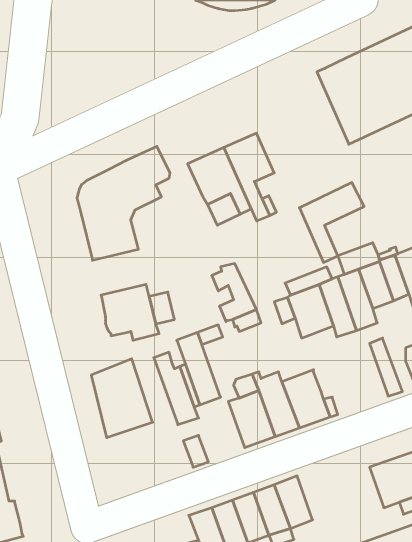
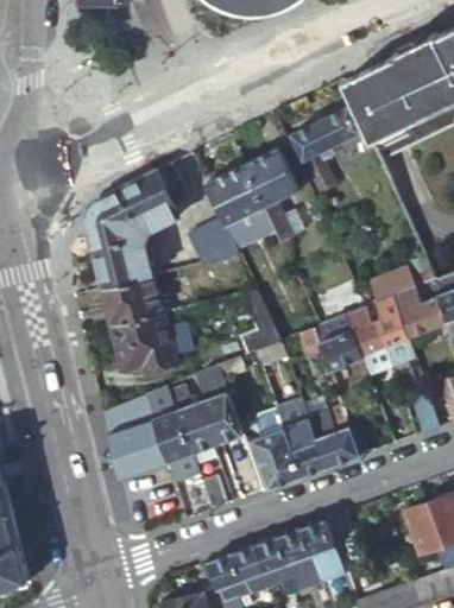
building: [299,183,364,262] -> [291,107,361,194]
building: none -> [188,217,240,262]
building: none -> [102,274,160,324]
building: none -> [145,385,197,481]

